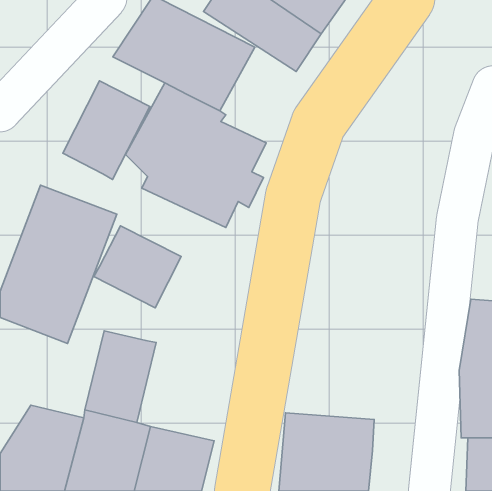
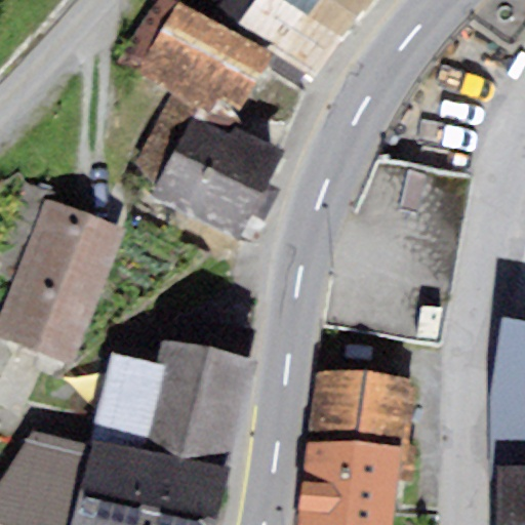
building: [63,81,150,180] -> none
building: [94,226,181,308] -> none
building: none -> [147,338,254,469]
building: none -> [305,368,416,480]

